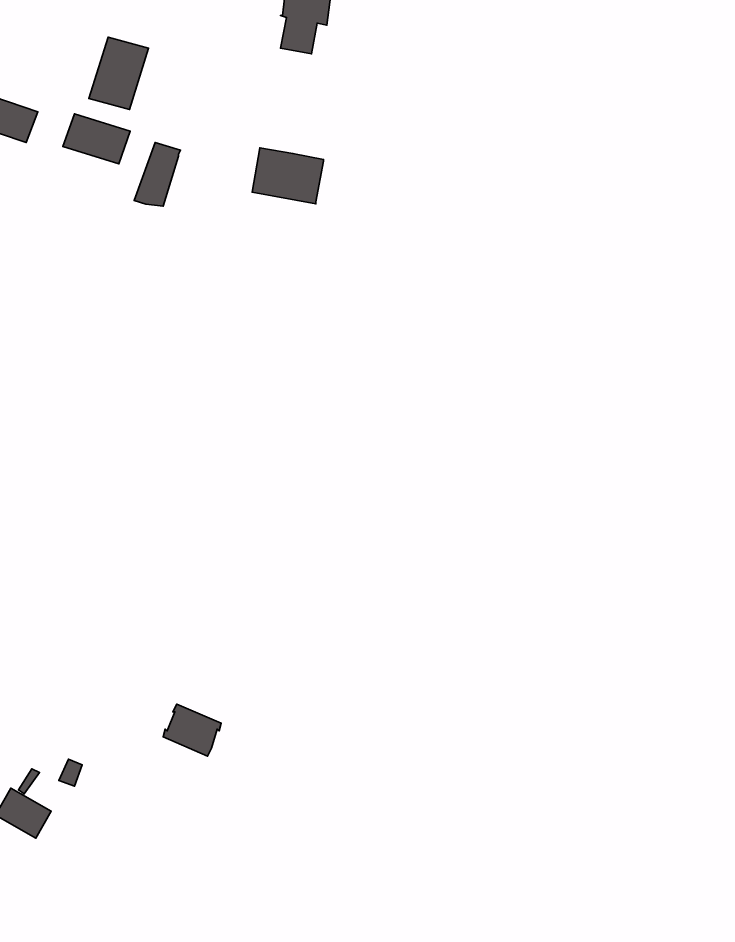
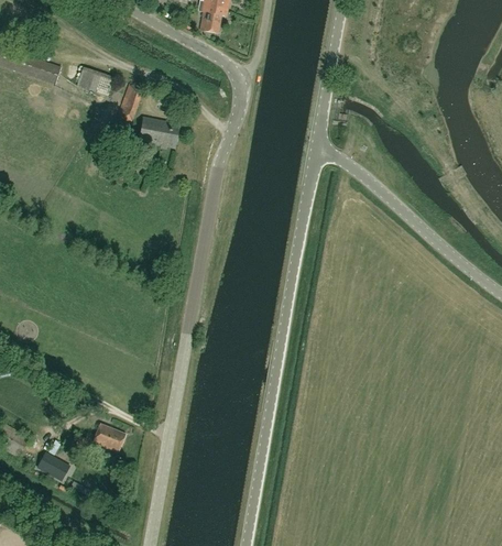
building: [89,37,148,110] -> none
building: [252,148,324,204] -> [138,117,178,149]
building: [163,704,221,756] -> [91,423,124,452]

